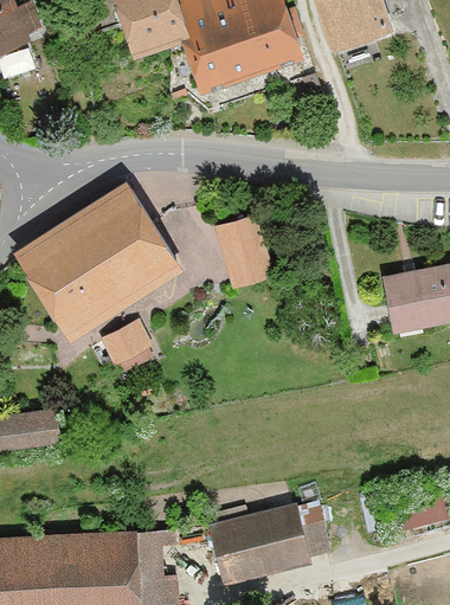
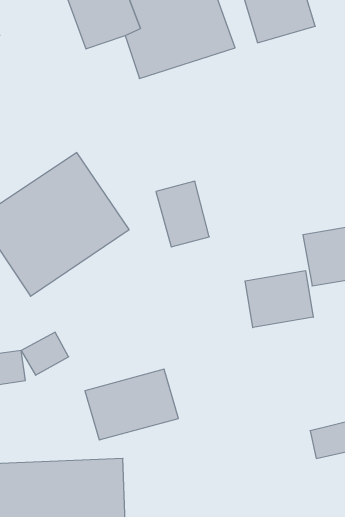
building: none -> [245,271,313,328]
building: [98,316,153,366] -> [21,332,69,375]
building: [205,504,313,586] -> [85,369,178,440]

